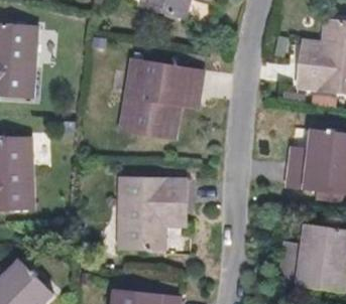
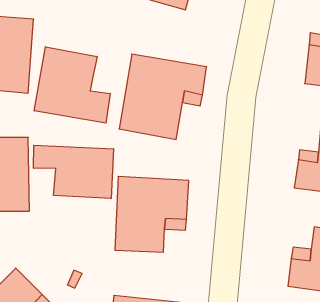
building: none -> [34,47,110,123]
building: none -> [34,145,114,199]

